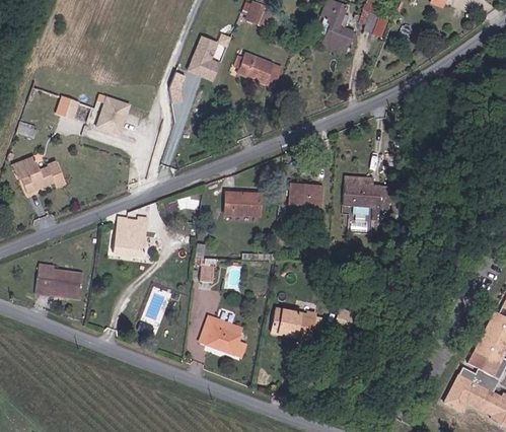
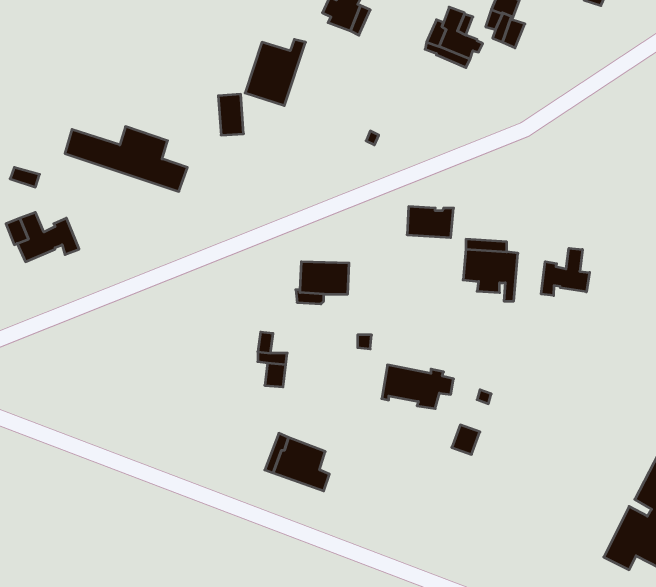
building: [234,53,282,86] -> none
building: none -> [541,248,590,296]
building: [290,184,323,206] -> [407,207,454,238]
building: [113,217,148,257] -> none
building: [35,264,82,295] -> none
building: [272,308,323,340] -> [382,365,454,409]

